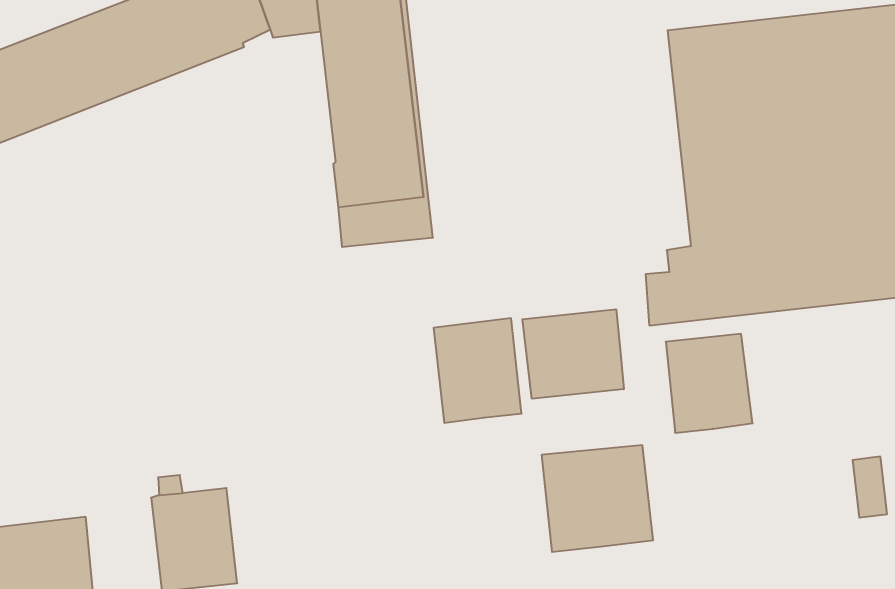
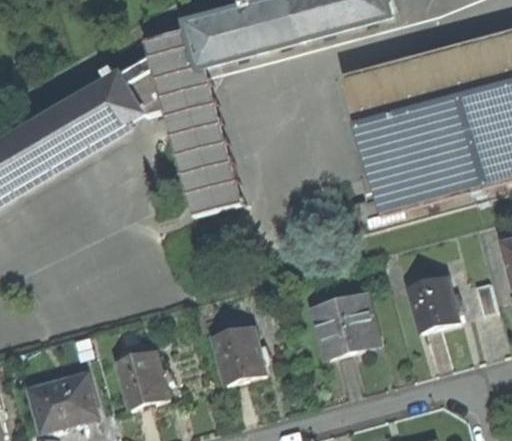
building: [522,309,624,399] -> none
building: [434,318,522,423] -> [213,324,265,383]
building: [666,334,753,433] -> [409,274,460,330]

